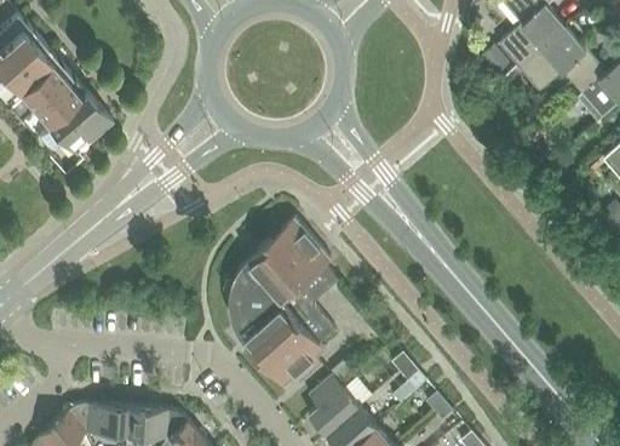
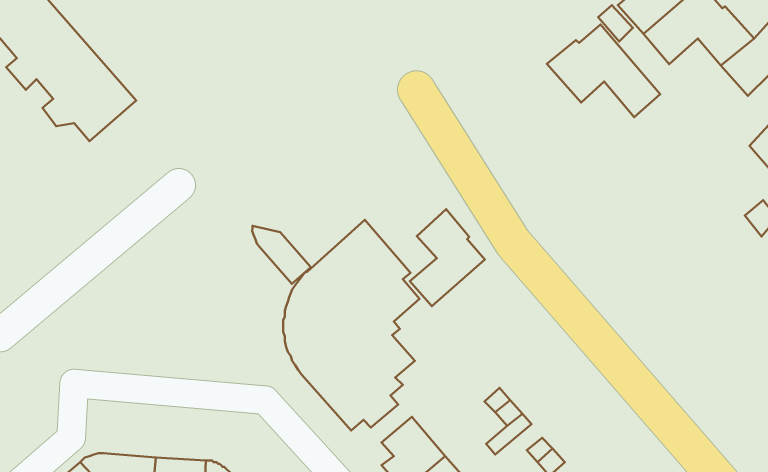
building: none -> [547,25,660,117]
building: none -> [410,209,485,306]
building: none -> [252,226,311,284]

